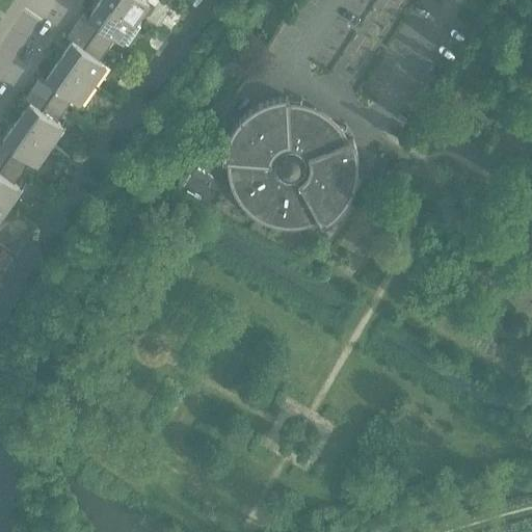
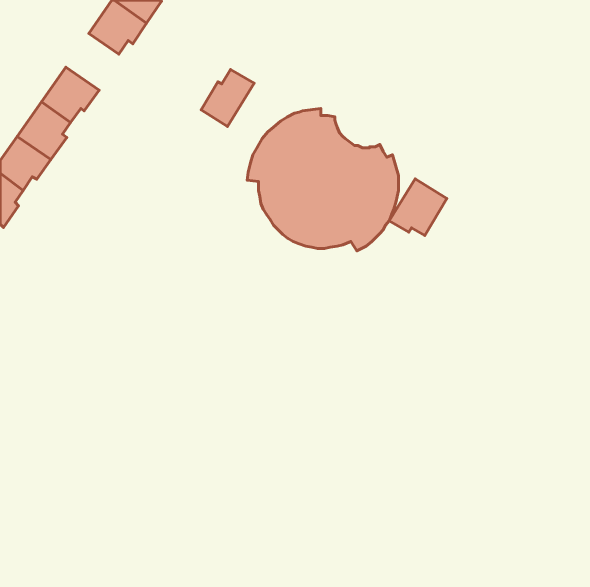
building: [59,33,107,84] -> none
building: none -> [201,69,254,126]
building: none -> [389,179,447,235]

